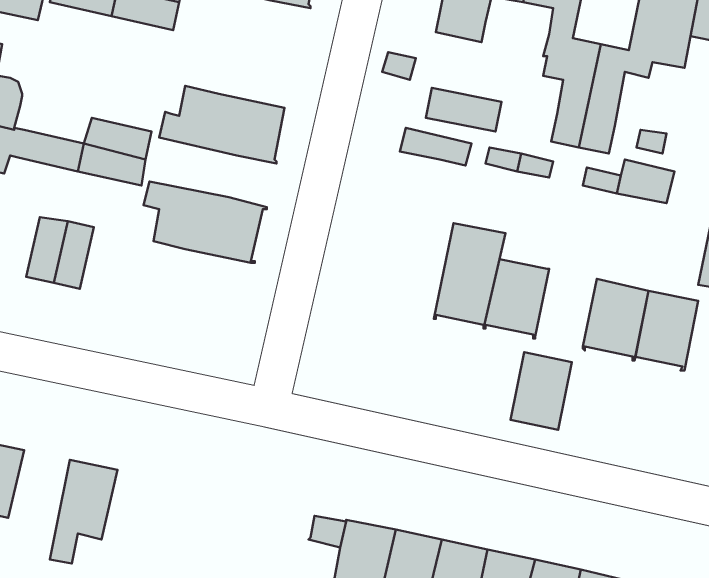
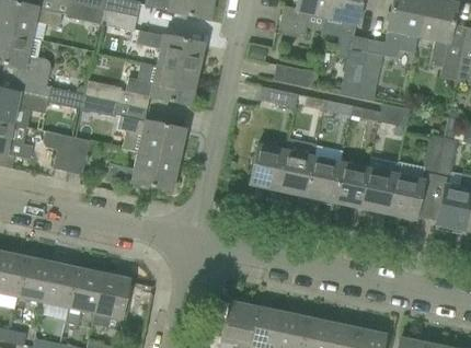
building: none -> [137,30,205,74]
building: none -> [251,146,287,190]
building: none -> [108,152,177,190]
building: [510,352,572,430] -> [334,163,368,206]
building: none -> [44,263,78,306]
building: none -> [93,270,130,328]

